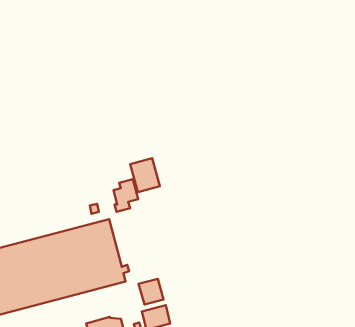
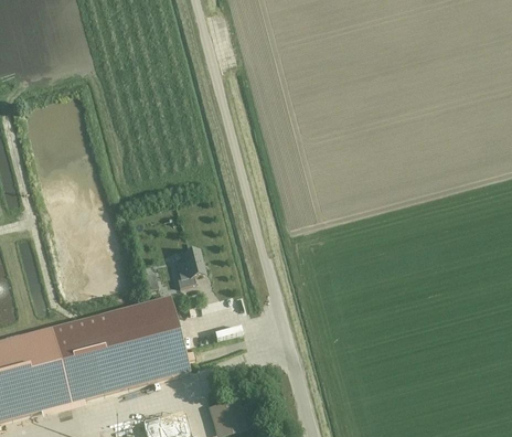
building: [130,158,160,192] -> none
building: [139,279,164,305] -> none

